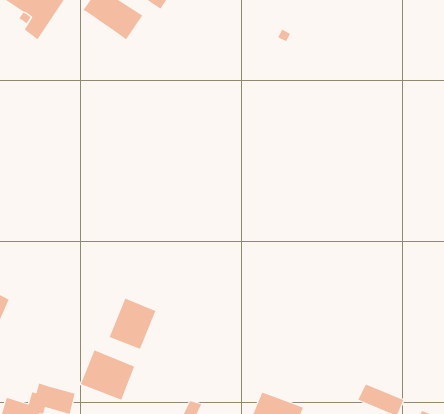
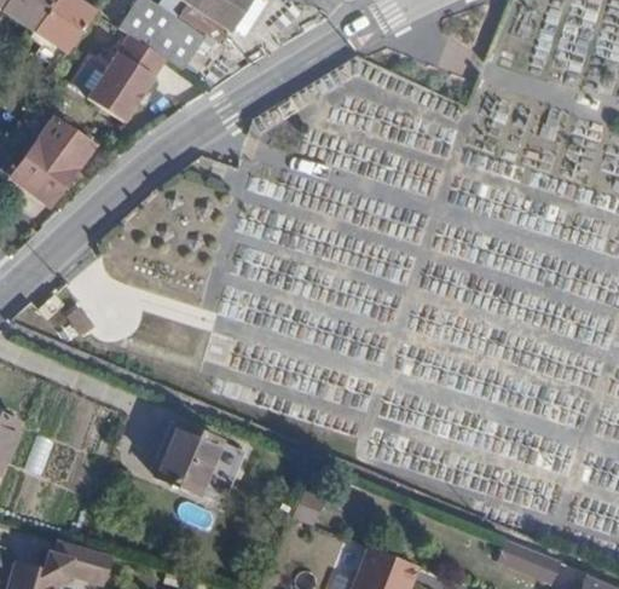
building: none -> [83,29,167,122]
building: none -> [16,116,98,203]
building: [80,350,135,401] -> none

